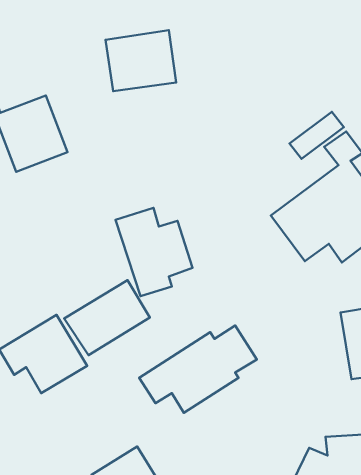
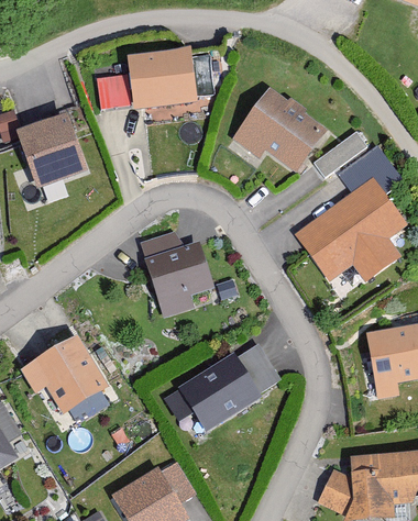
building: none -> [95,73,131,108]
building: none -> [231,82,331,171]
building: [64,280,150,355] -> none

